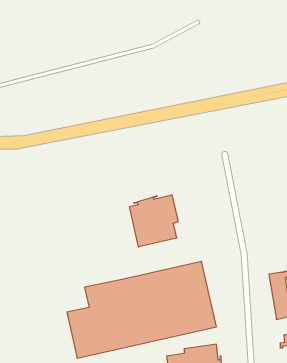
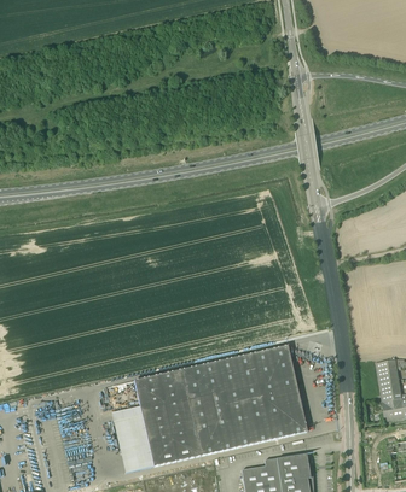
building: [130,195,178,247] -> none

